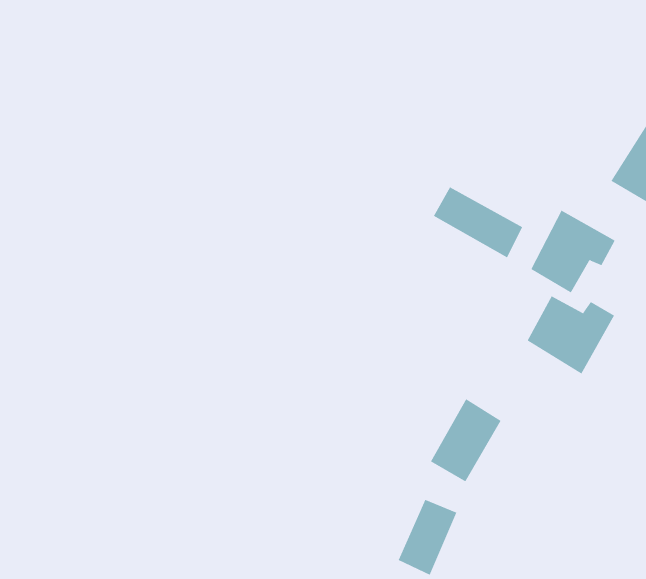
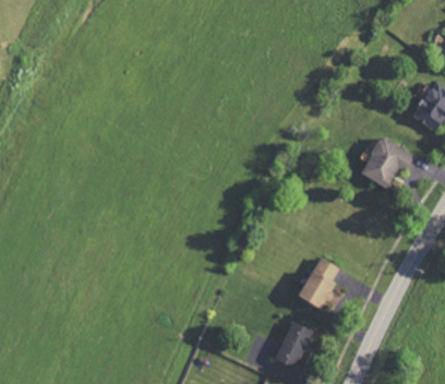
building: [433,186,523,258] -> none
building: [527,296,615,375] -> none

